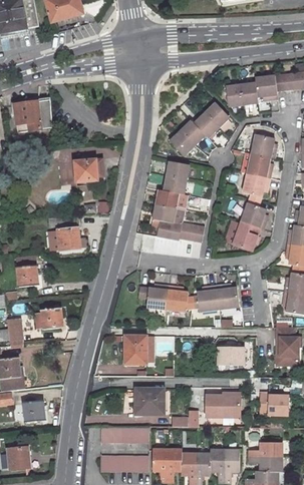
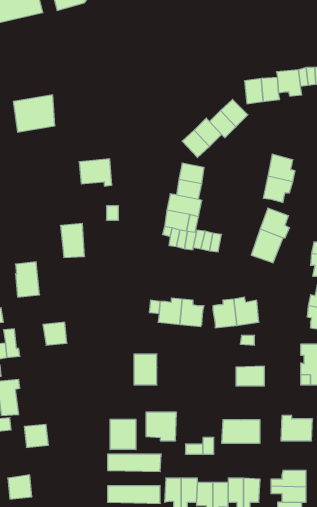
building: [251,134,276,159] -> none
building: none -> [110,419,136,450]

